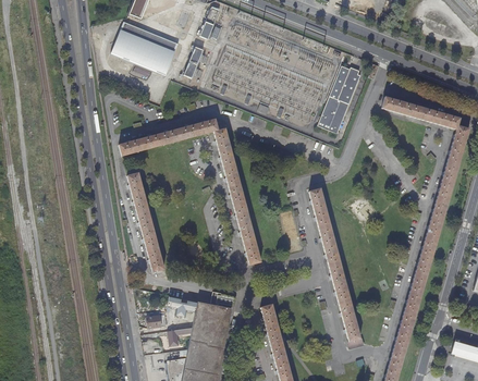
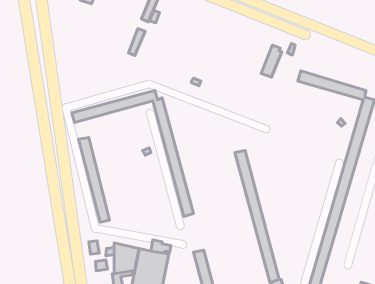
building: [111,21,180,75] -> none
building: [319,65,351,133] -> none

